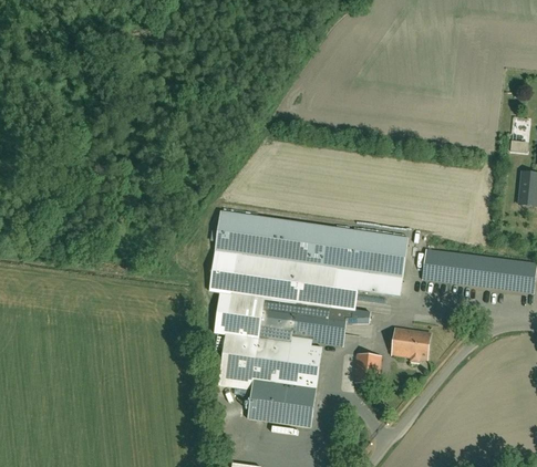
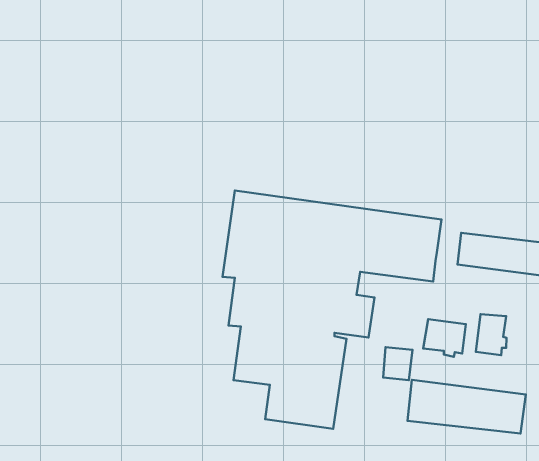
building: none -> [476,314,506,355]
building: none -> [408,380,526,434]

